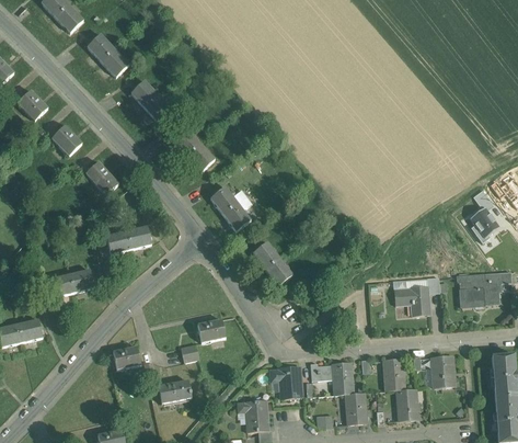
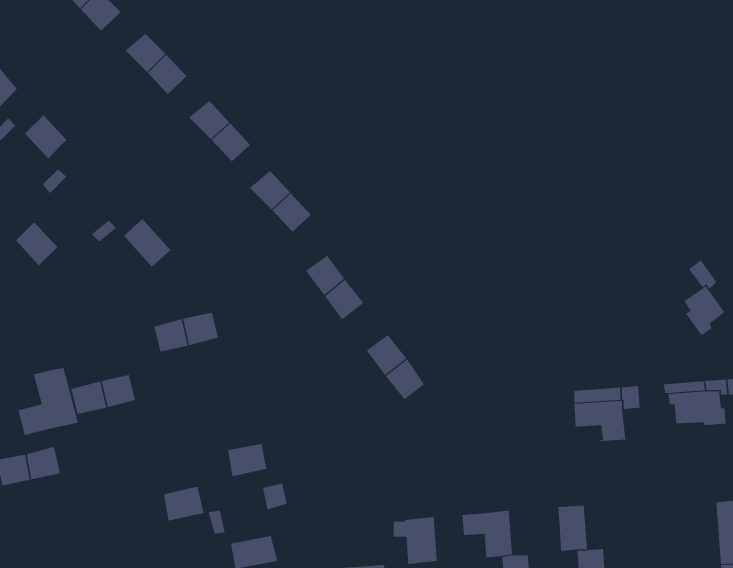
building: [51,125,81,156] -> [15,221,58,266]
building: none -> [18,367,79,436]
building: [197,319,225,342] -> [227,443,267,477]
building: [431,355,454,387] -> none

